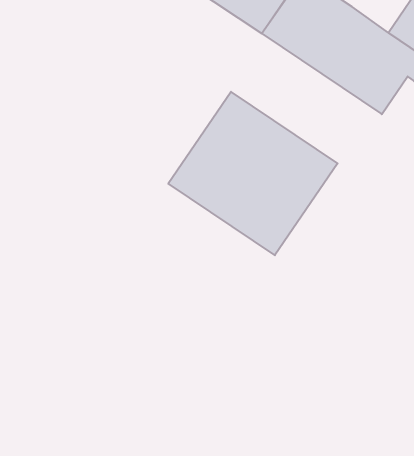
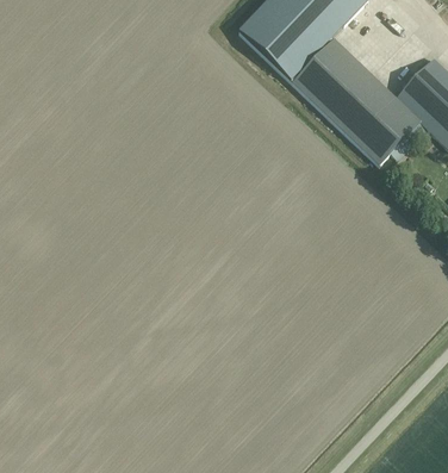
building: [168,92,338,255] -> none

